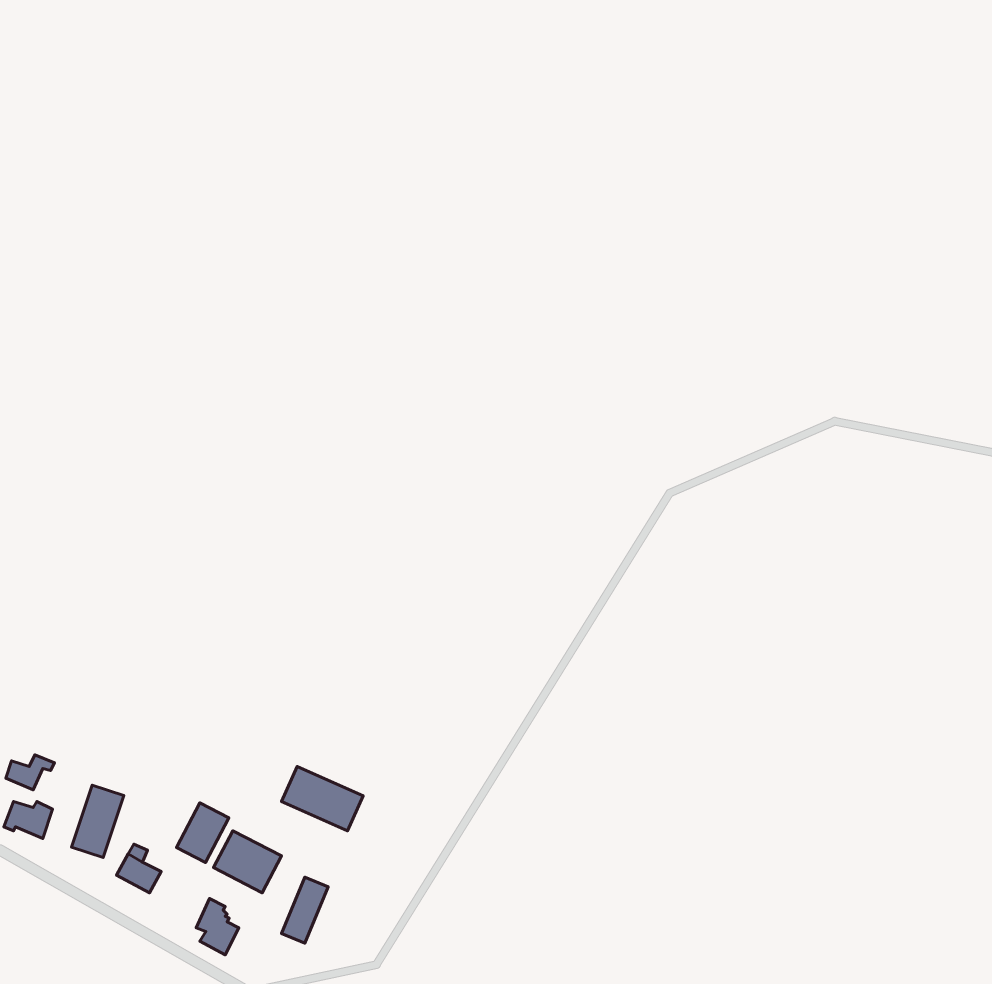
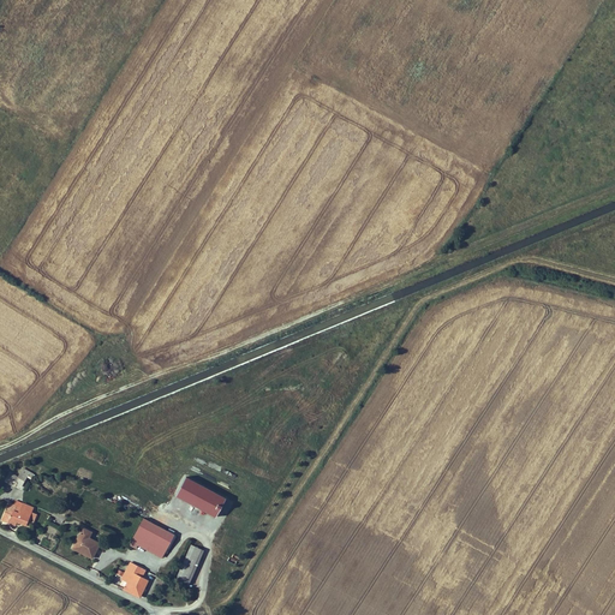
building: [72,785,124,858] -> none
building: [176,803,229,863] -> none

